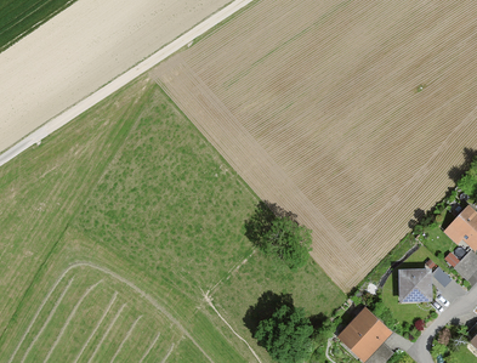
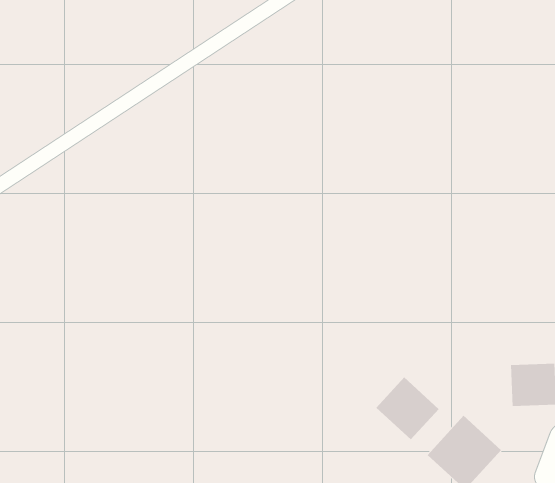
building: none -> [375,377,440,440]

